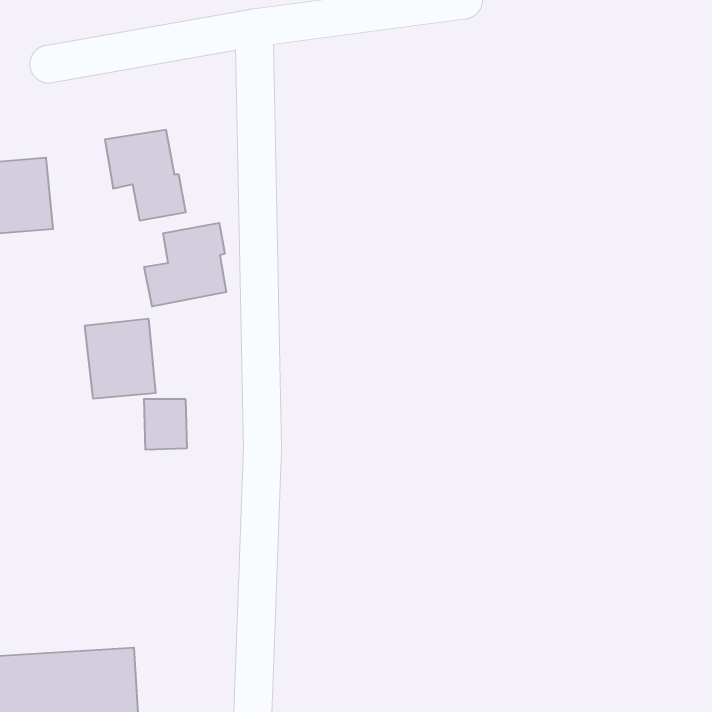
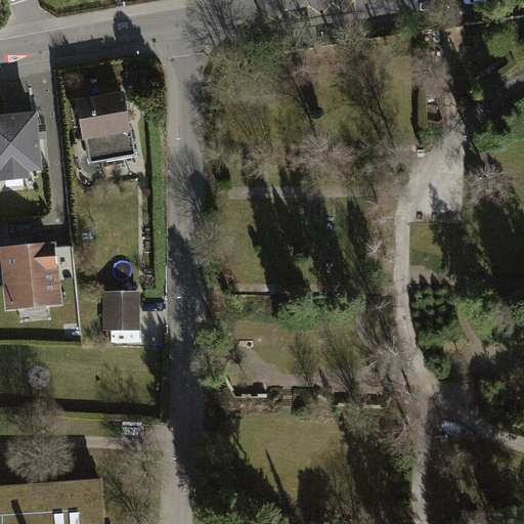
building: [144,223,226,307] -> none
building: [85,319,156,398] -> [4,248,56,306]

